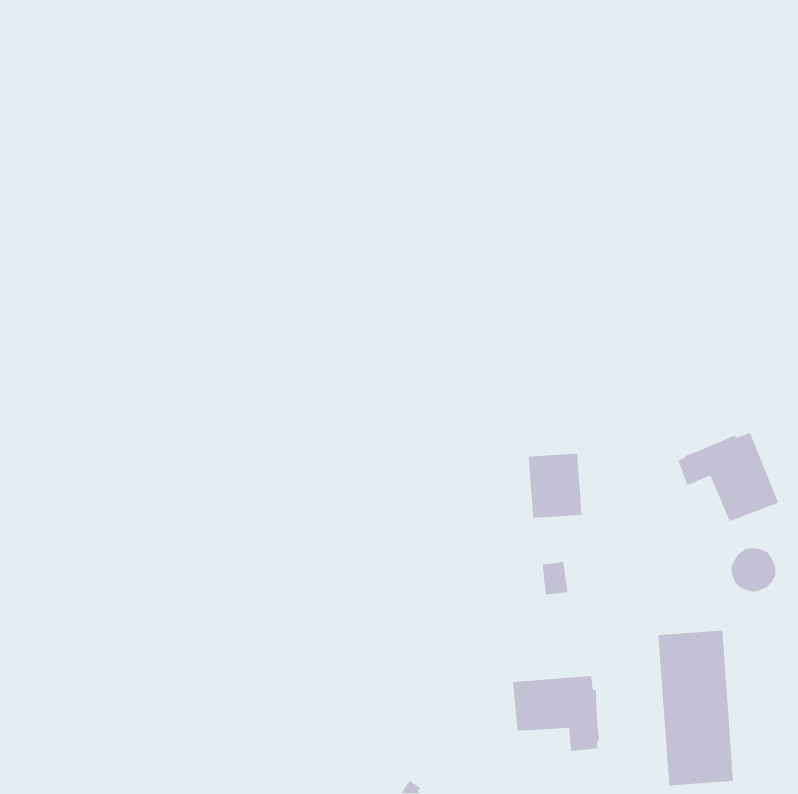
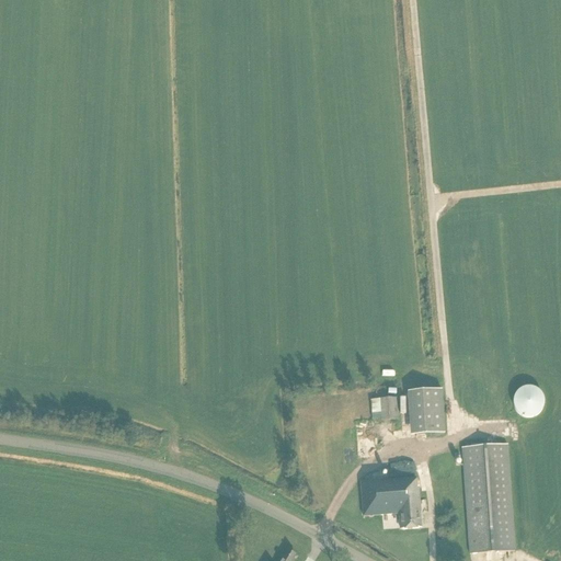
building: [678,432,779,522] -> none
building: [528,453,583,519] -> [407,387,445,433]

